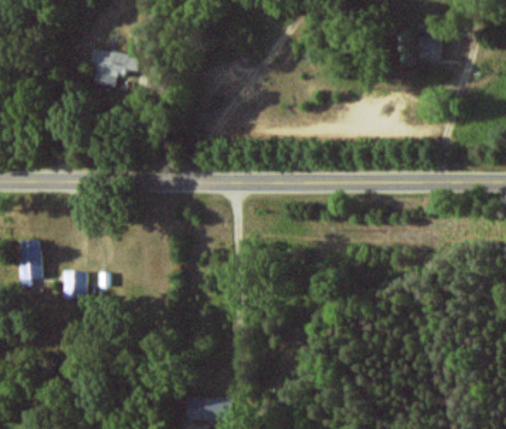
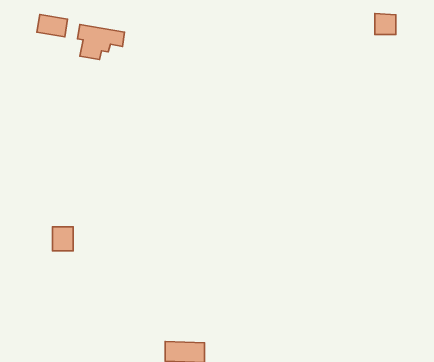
building: none -> [37,15,68,37]
building: [19,239,42,287] -> none

